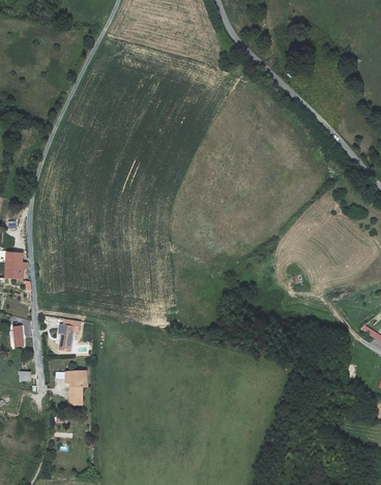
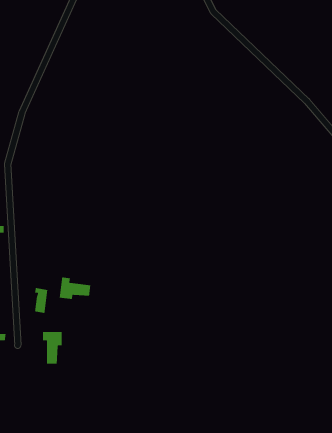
building: none -> [59,277,91,300]

